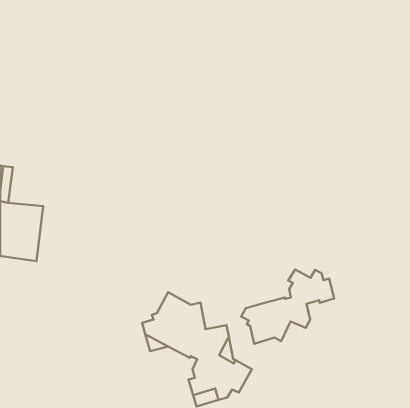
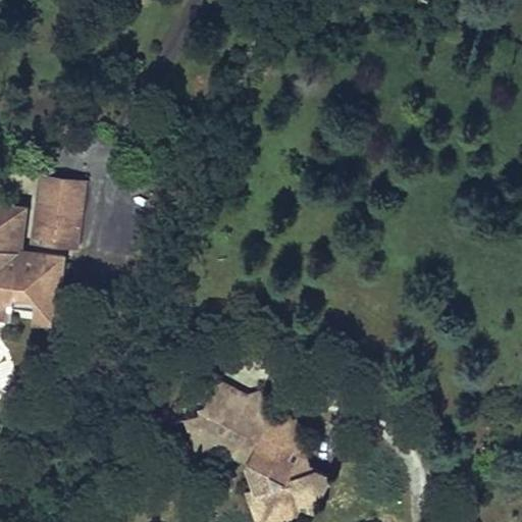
building: none -> [28,187,83,259]
building: [241,270,334,344] -> none

